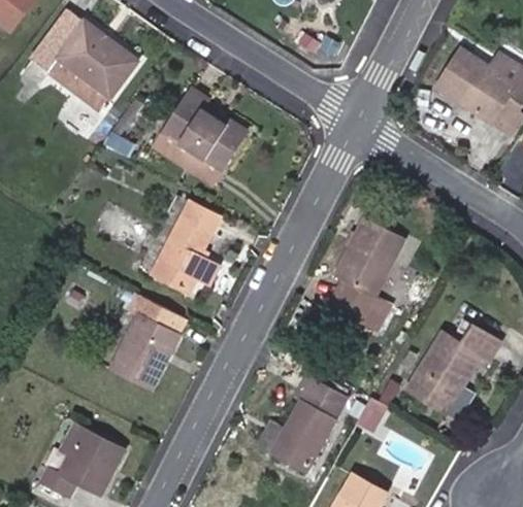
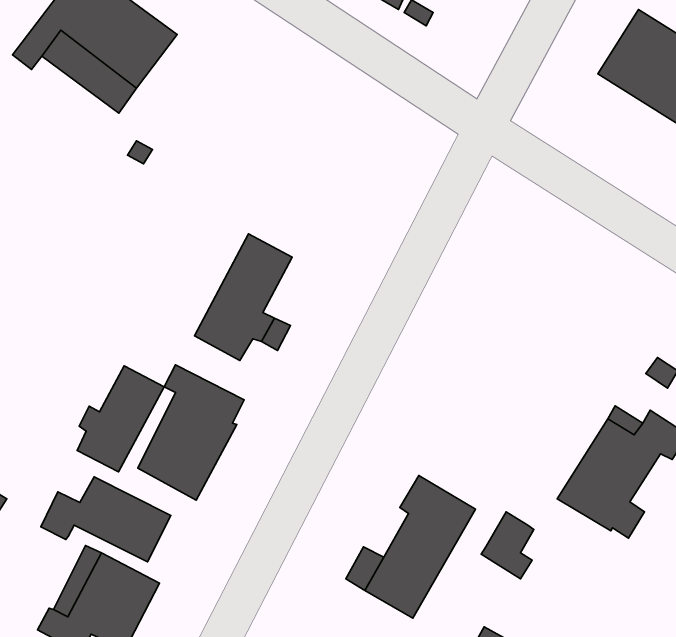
building: [152,88,248,185] -> none
building: [332,216,406,331] -> none
building: none -> [77,366,164,472]
building: none -> [41,477,171,562]

